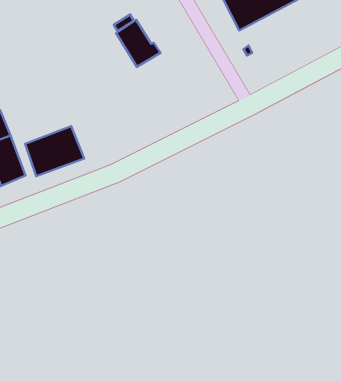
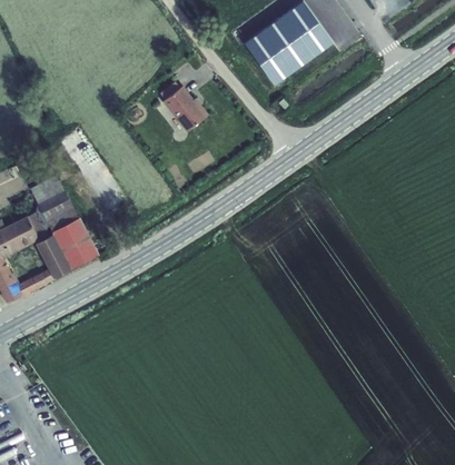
building: [25,126,84,176] -> none

